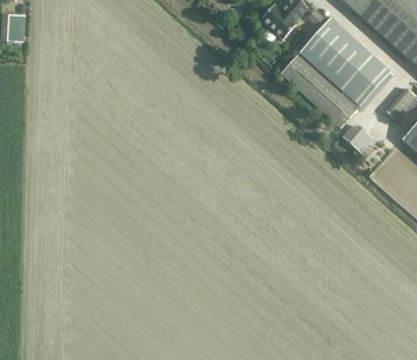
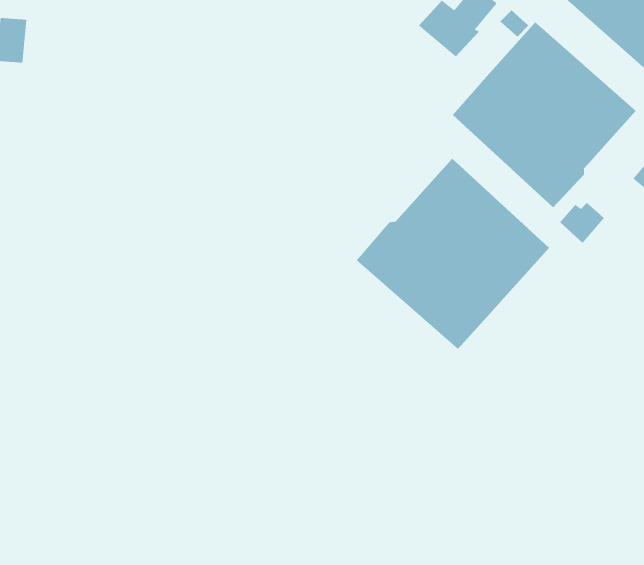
building: none -> [356,158,550,350]

